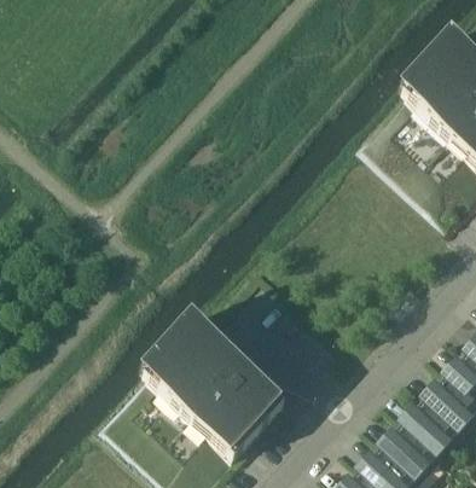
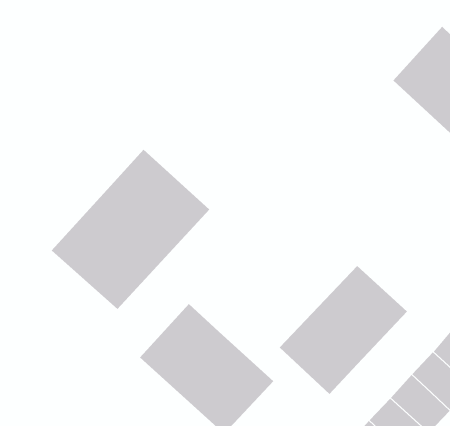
building: none -> [51,149,210,310]
building: none -> [279,265,408,395]

